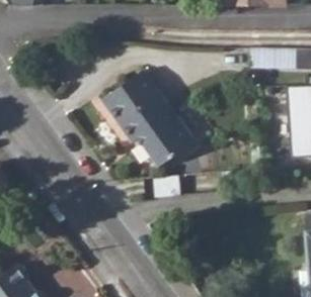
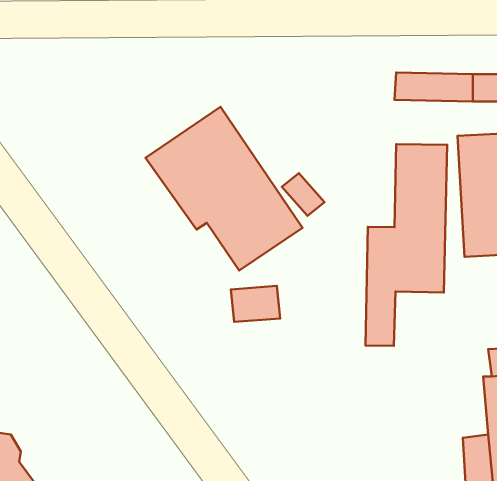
building: none -> [365,144,447,346]

